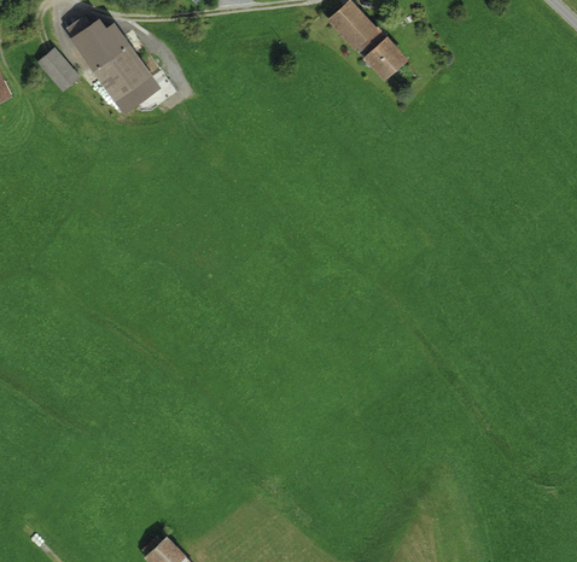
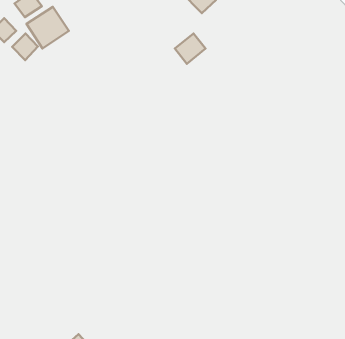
building: [363,37,409,83] -> [175,33,205,64]
building: none -> [12,33,38,60]

